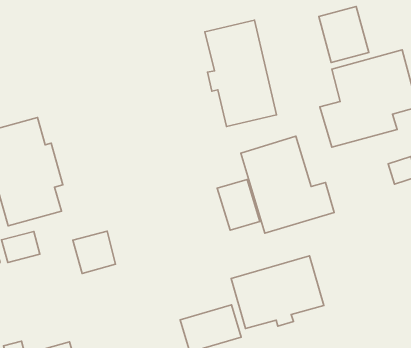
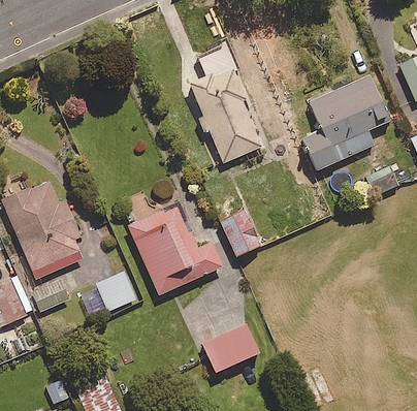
building: [319,6,369,63] -> none
building: [241,136,334,233] -> [128,203,219,294]
building: [231,256,324,329] -> none

